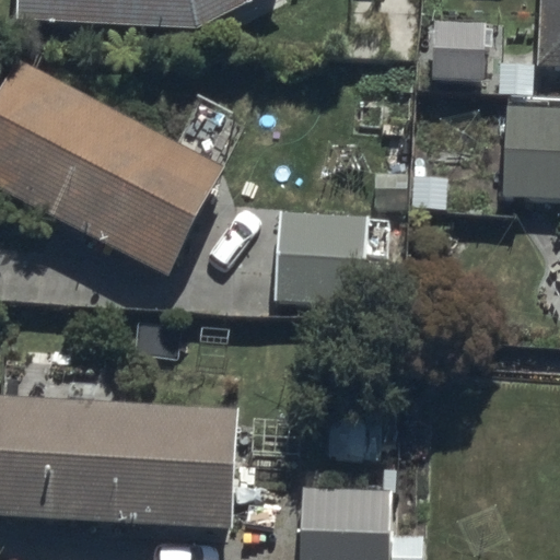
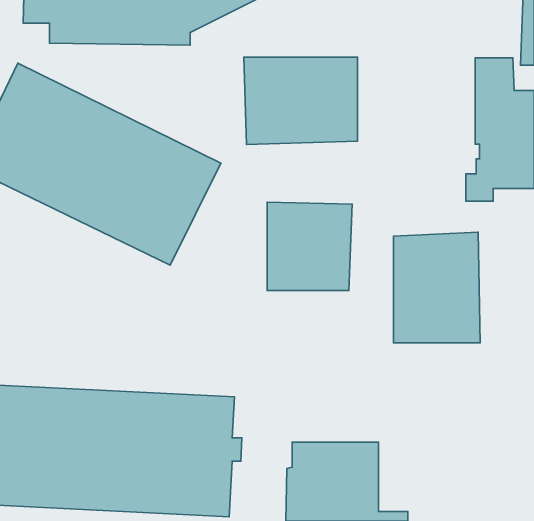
building: none -> [244,57,358,144]
building: none -> [394,232,480,343]

